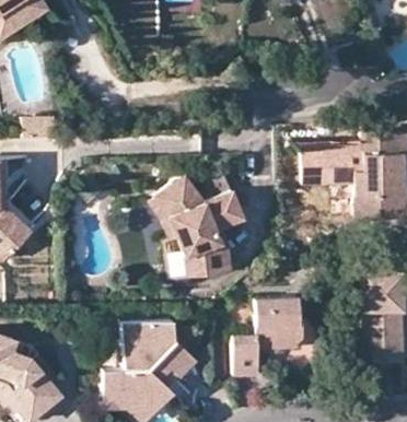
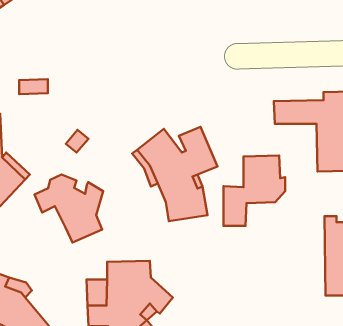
building: none -> [35,174,103,243]
building: [233,297,301,375] -> [224,155,285,226]

